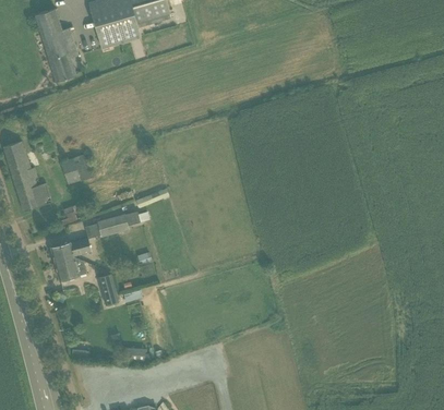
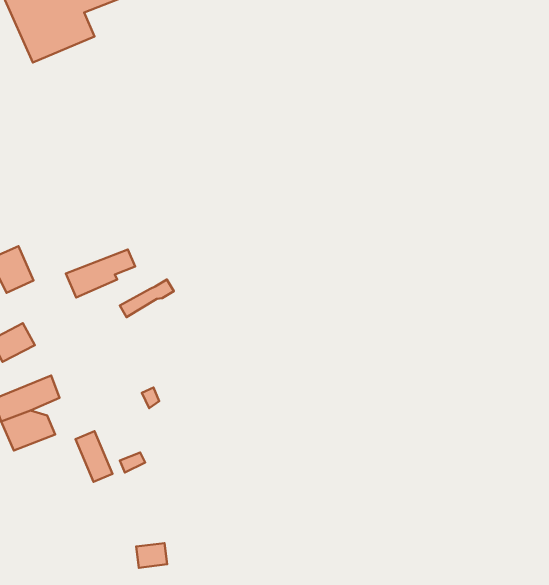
building: [98,210,141,236] -> [66,249,135,297]

